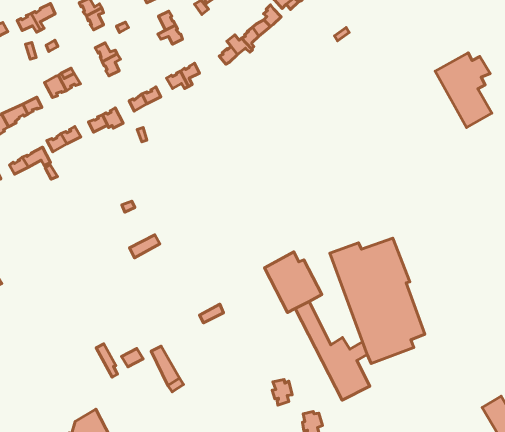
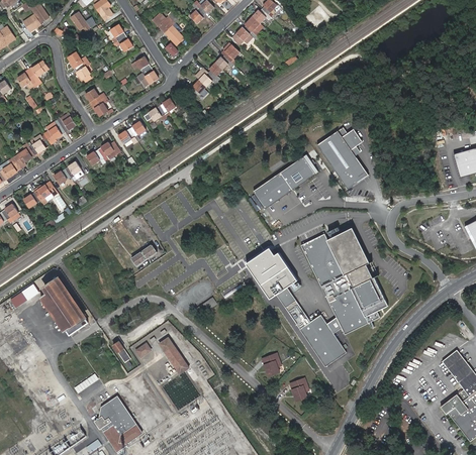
building: [435,53,492,127] -> [316,126,368,189]
building: none -> [252,153,317,208]
building: none -> [40,277,89,337]

